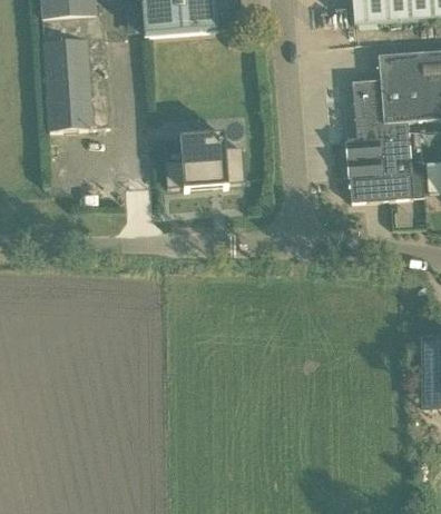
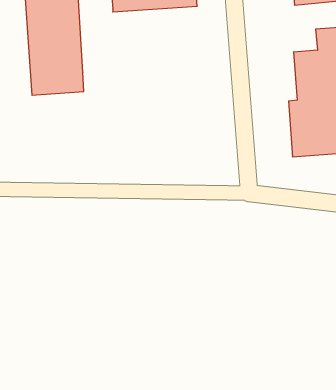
building: [165,131,244,189] -> none

